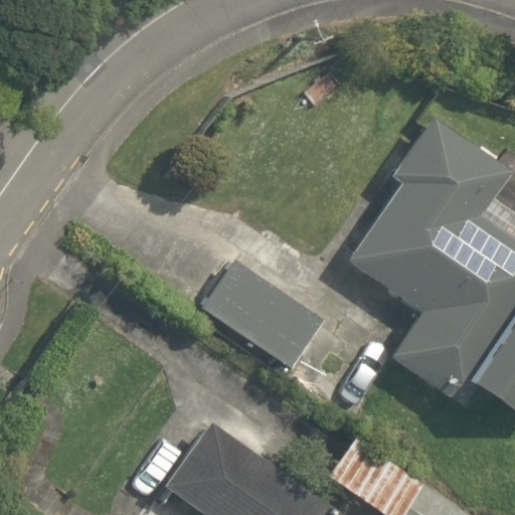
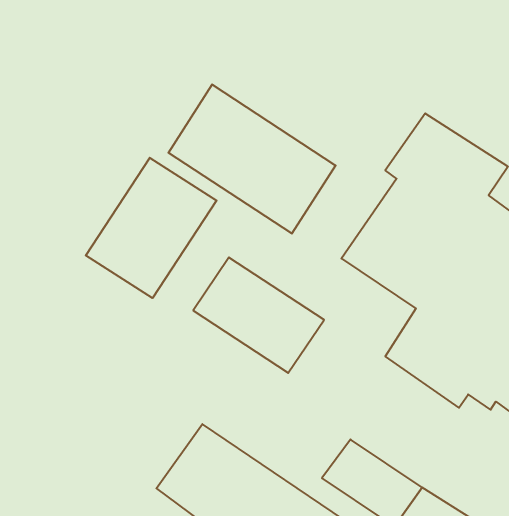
building: none -> [168,84,336,234]
building: none -> [86,158,217,298]

